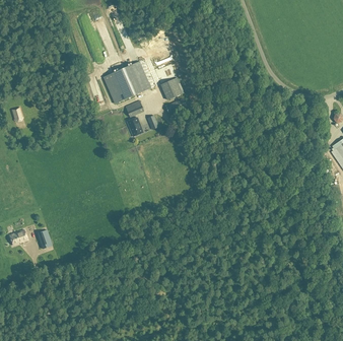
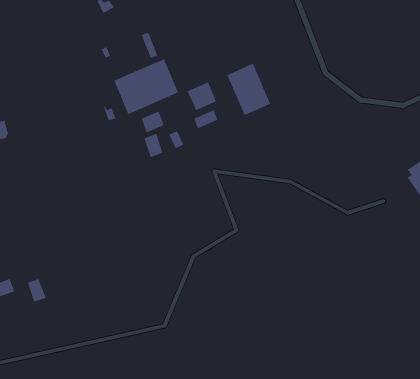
building: none -> [227,63,271,116]

